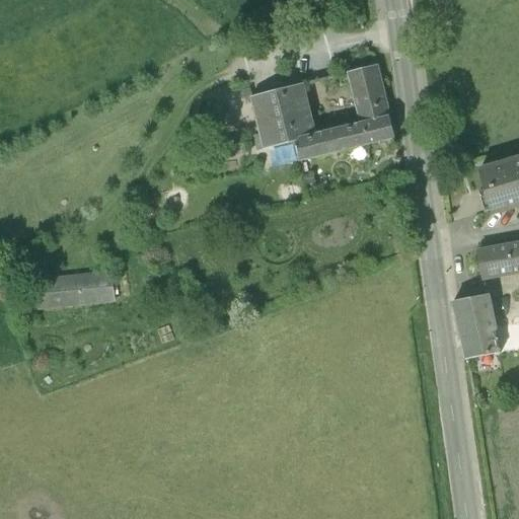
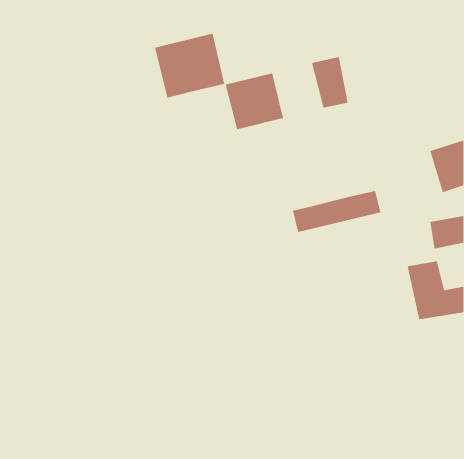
building: none -> [154,33,225,98]
building: [295,115,394,161] -> [292,191,381,232]
building: [33,269,114,306] -> none

